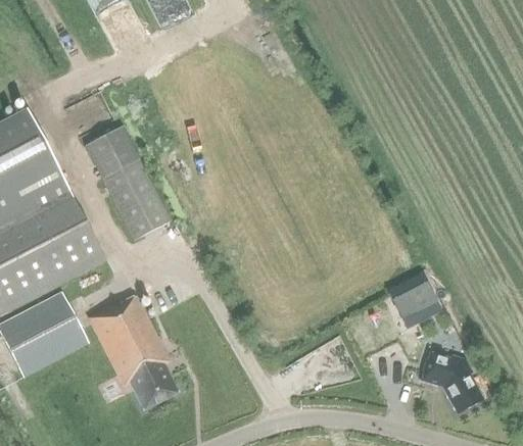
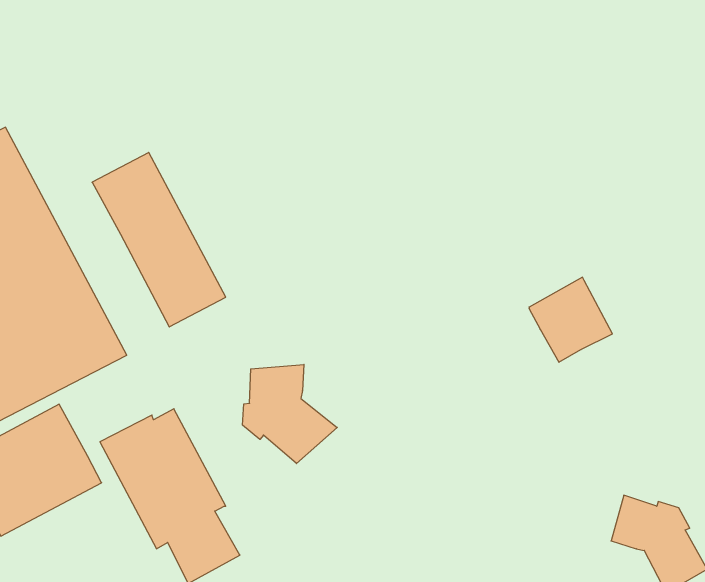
building: none -> [243,364,337,464]
building: [386,271,440,327] -> [529,277,612,362]

